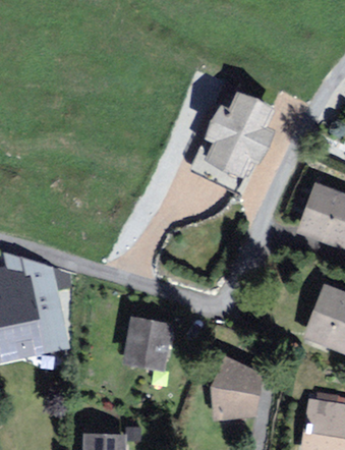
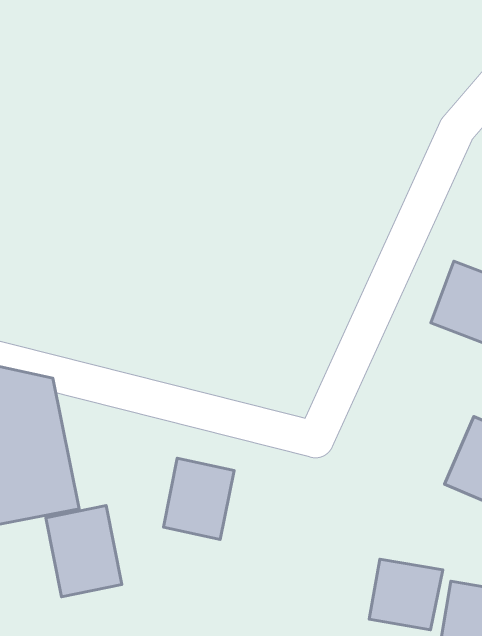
building: [206,93,274,178] -> none
building: none -> [46,505,122,597]
building: [213,369,262,415] -> [369,559,443,630]

